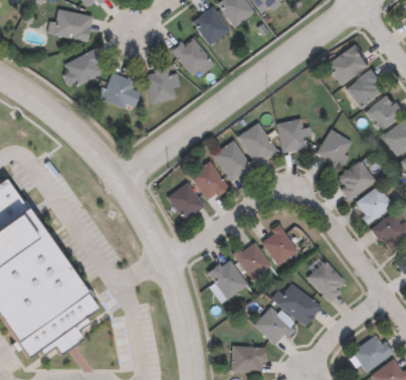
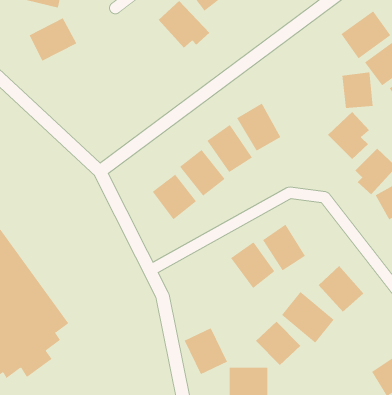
building: [146,67,174,103] -> none
building: [101,70,139,111] -> none
building: [277,120,304,151] -> [342,72,374,109]
building: [208,259,245,300] -> [184,327,228,375]

